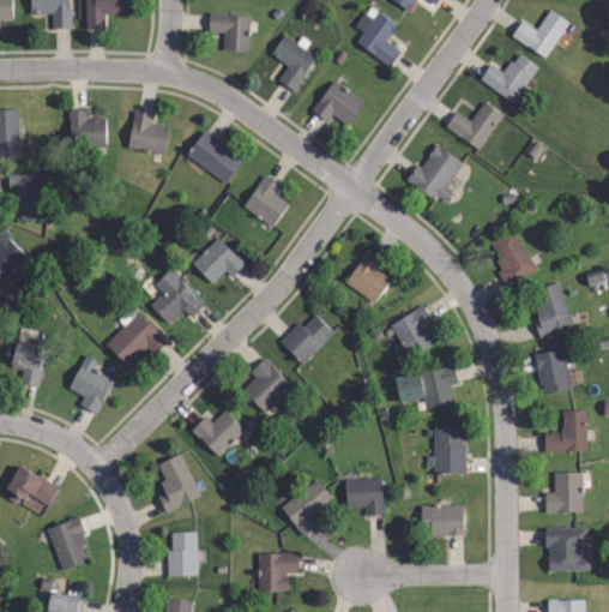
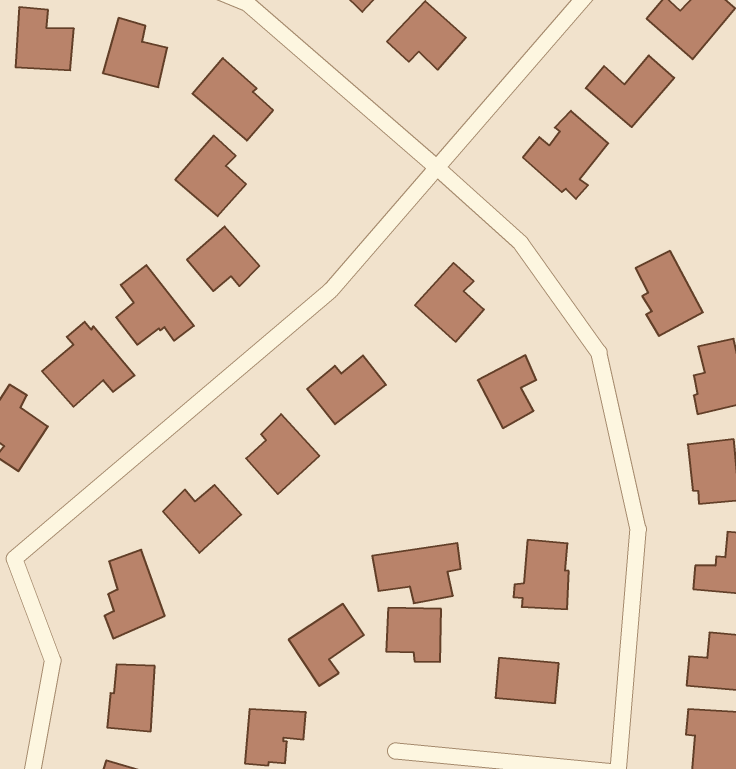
building: [243,173,290,226] -> [175,136,246,216]
building: [397,366,456,408] -> [372,543,461,603]

